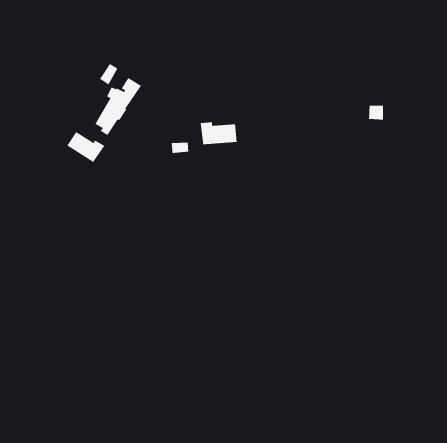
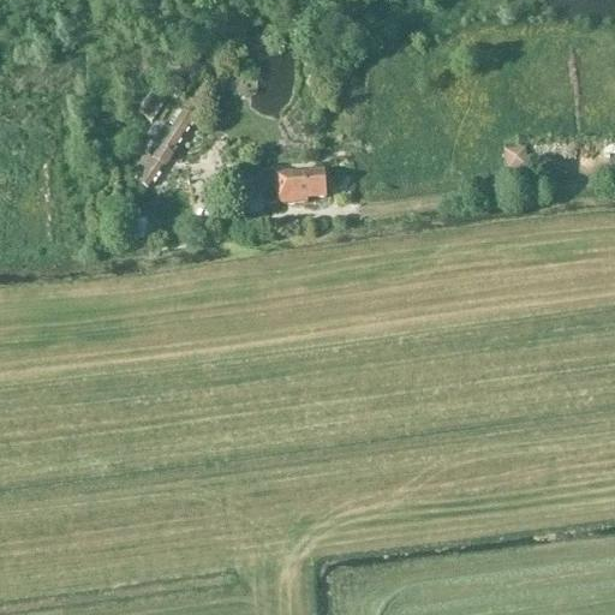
building: [66,131,105,163] -> none

